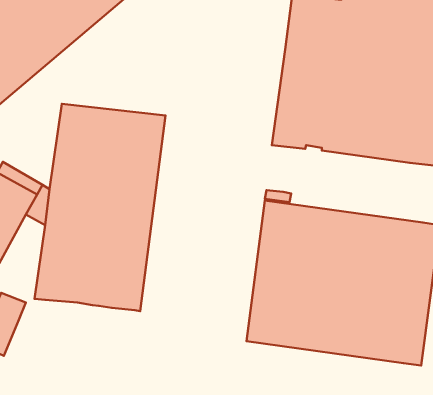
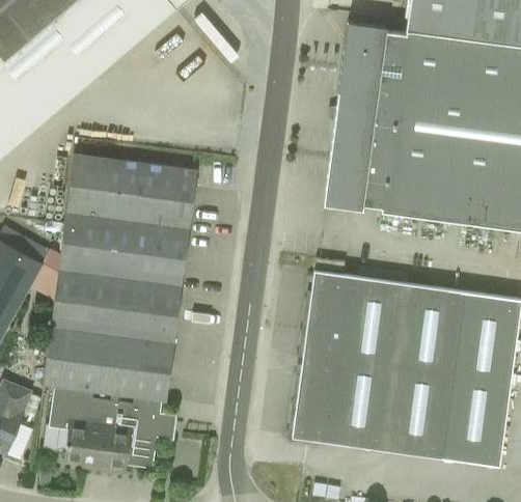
building: none -> [42,388,170,474]

